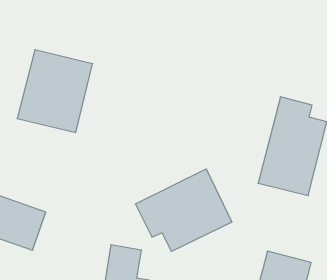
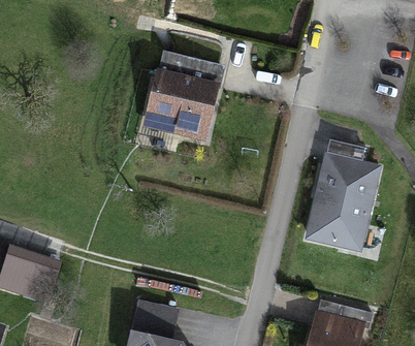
building: [17,50,93,133] -> [142,50,226,141]
building: [135,169,232,251] -> none

